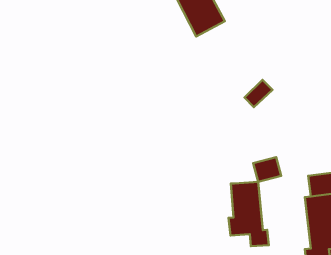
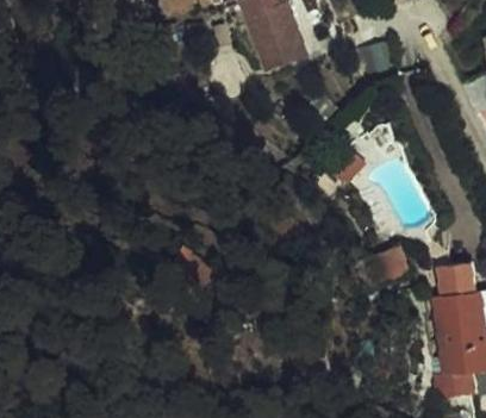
building: [228,182,269,246] -> none

